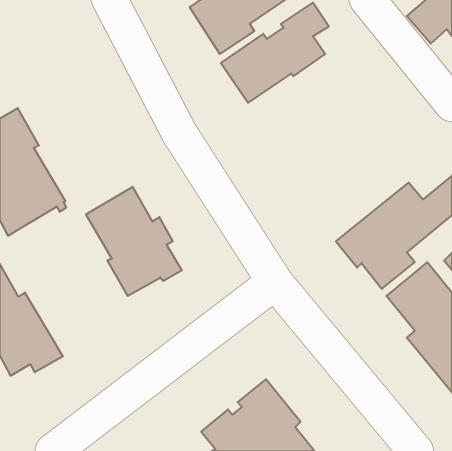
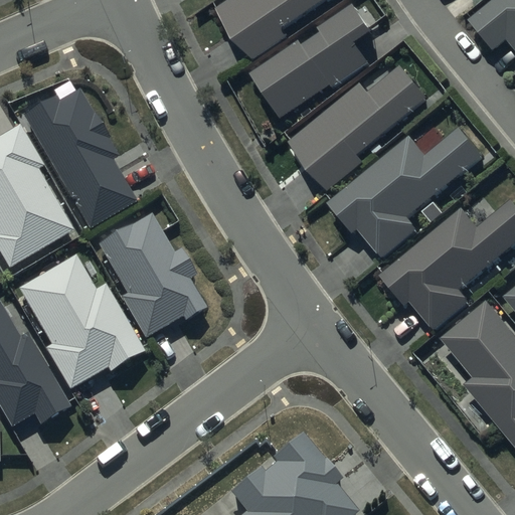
building: none -> [290,64,430,188]
building: none -> [23,91,136,227]
building: none -> [328,127,484,256]
building: none -> [19,253,144,388]

